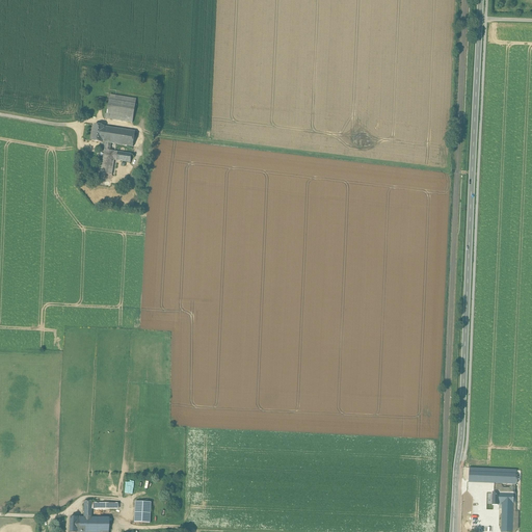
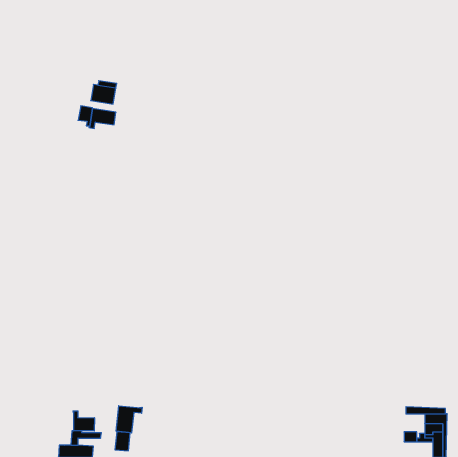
building: [100,148,131,172] -> none
building: none -> [116,406,142,433]
building: none -> [73,411,94,431]

